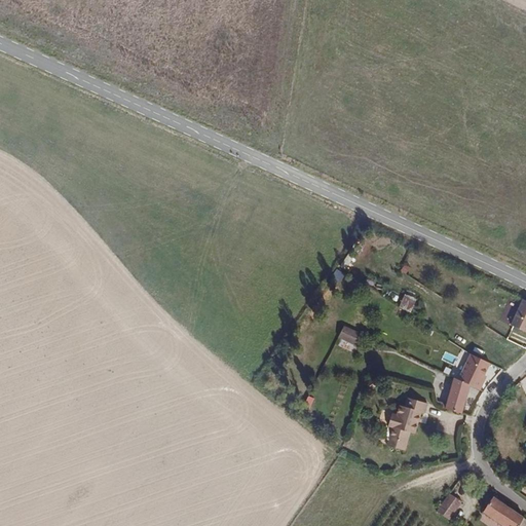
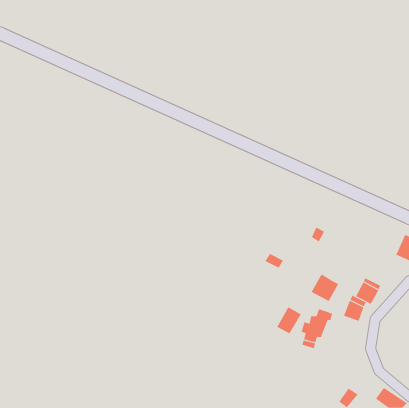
building: none -> [311,273,339,302]
building: none -> [277,306,302,334]

